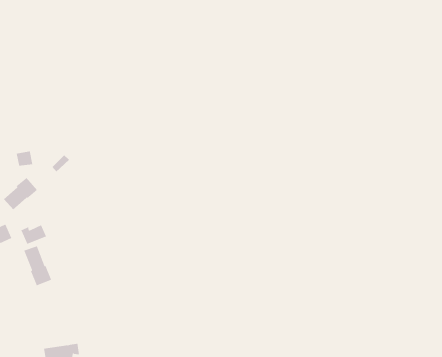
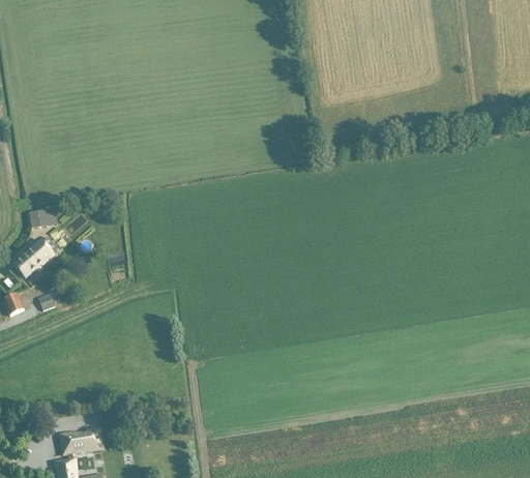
building: [23,245,52,286] -> none

